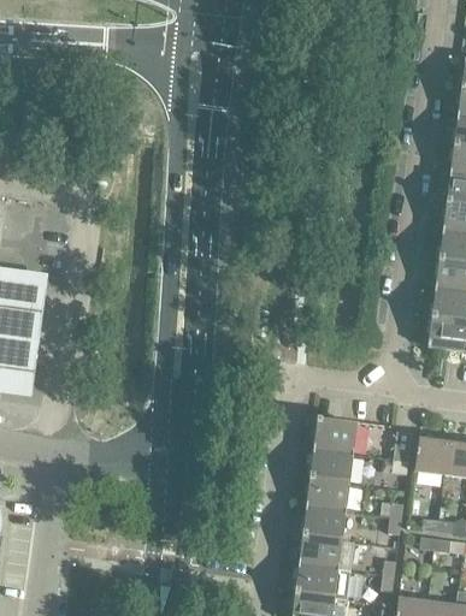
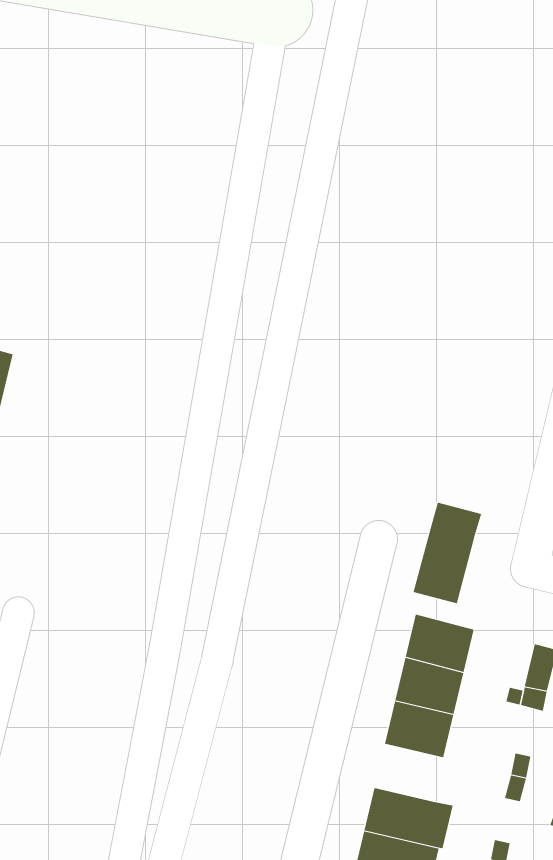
building: none -> [413,502,482,604]
building: [302,507,346,540] -> none

